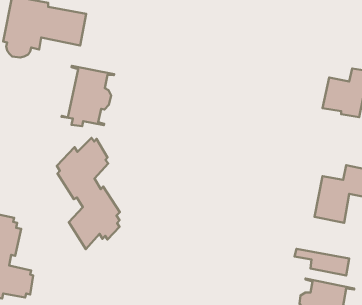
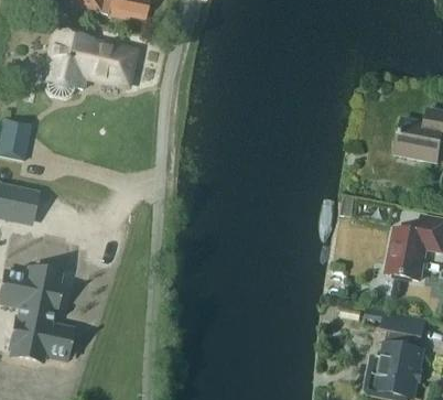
building: [62,66,114,126] -> none
building: [57,138,120,249] -> none

